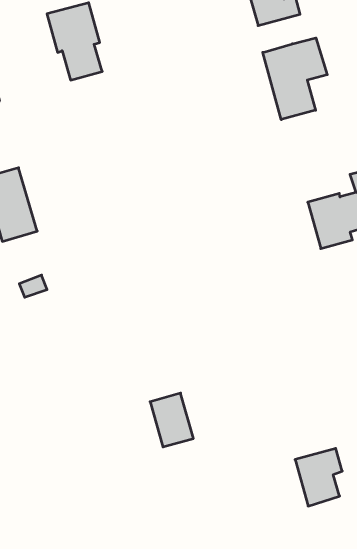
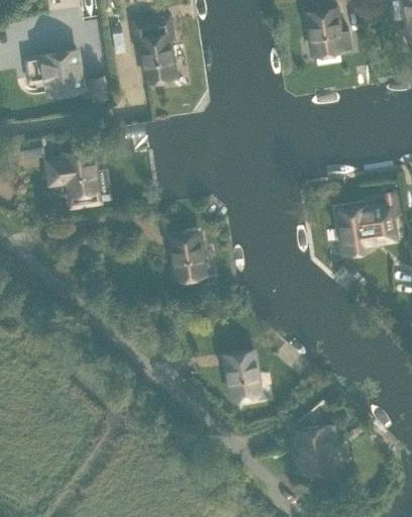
building: [263,38,327,120] -> none
building: none -> [172,234,206,279]
building: [150,393,193,447] -> [227,353,261,398]

